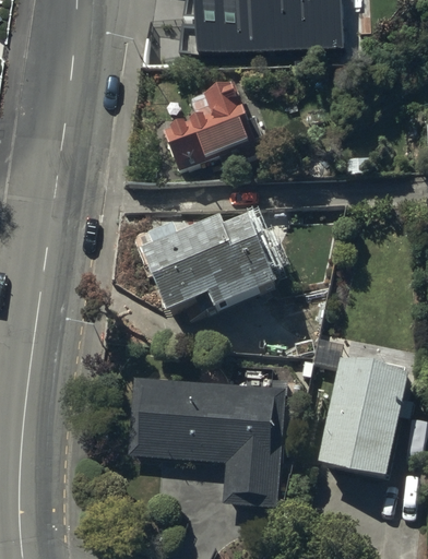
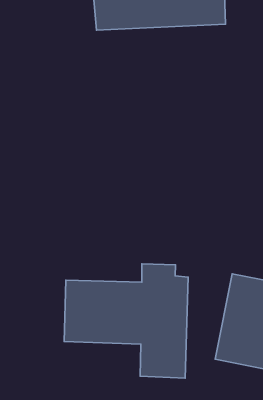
building: [164,69,260,158] -> none
building: [138,230,276,325] -> none

